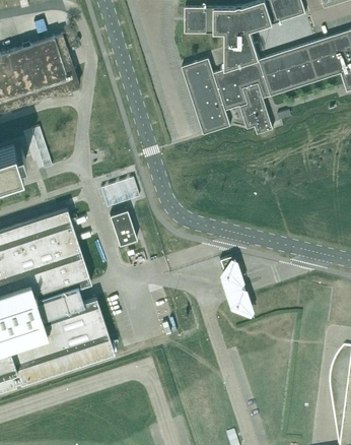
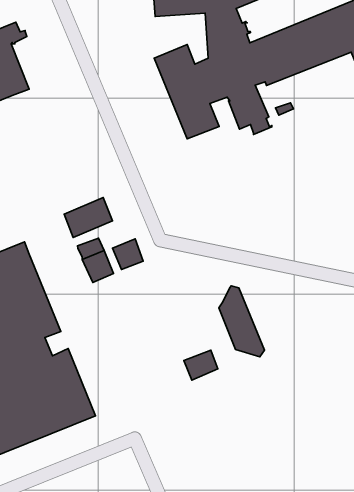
building: none -> [112,239,143,270]
building: none -> [184,350,218,380]

